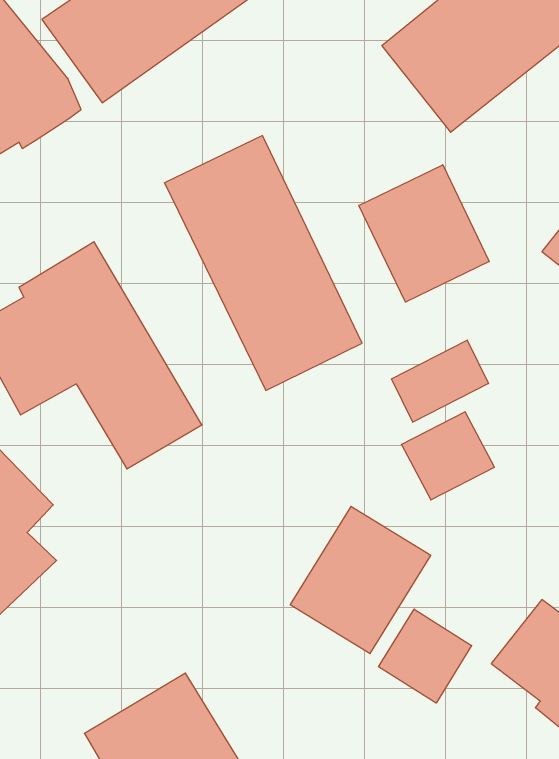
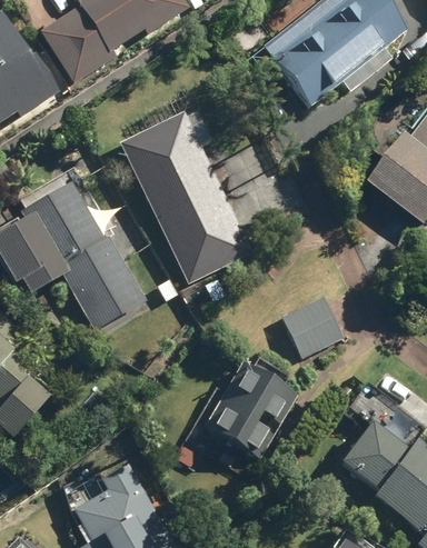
building: [359,165,489,302] -> none
building: [392,340,488,422] -> none
building: [379,609,472,703] -> none

